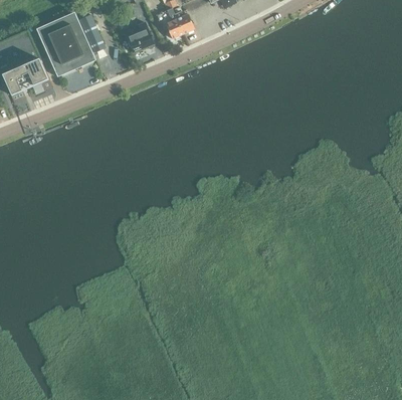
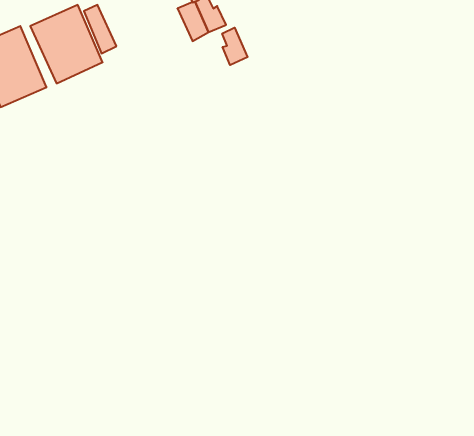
building: [121,22,153,51] -> none
building: none -> [222,28,248,65]

